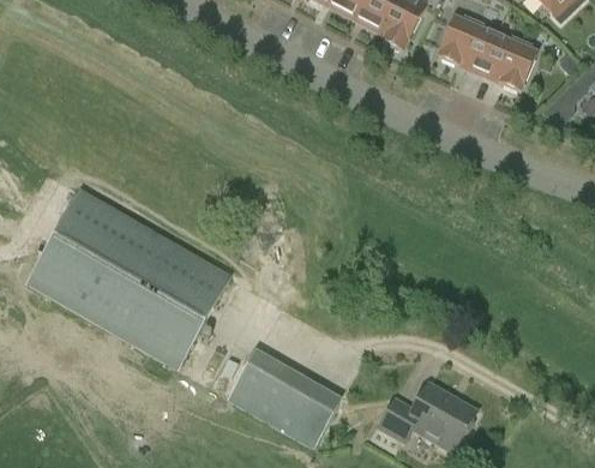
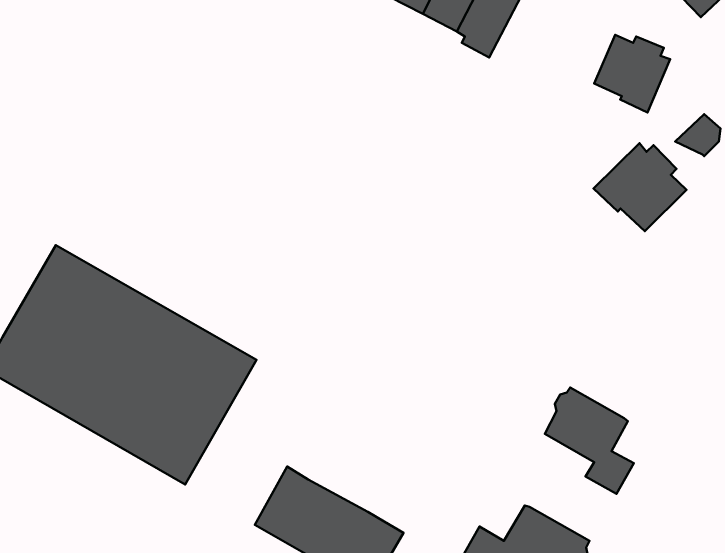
building: [437,13,495,70] -> none
building: none -> [593,143,686,231]
building: none -> [545,387,634,494]

